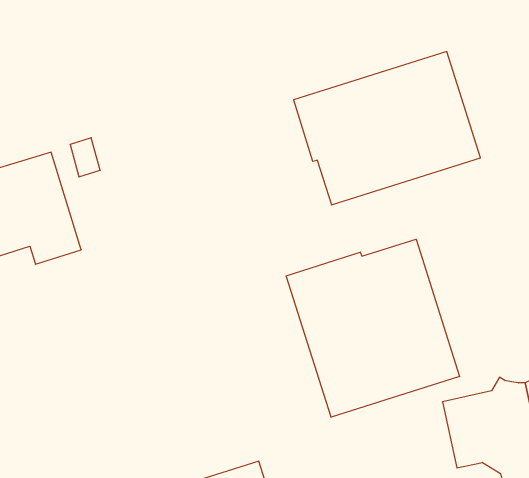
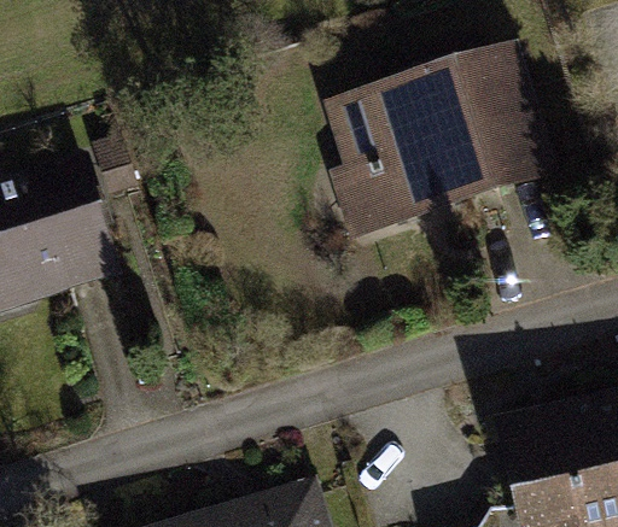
building: [286,239,460,417] -> none

